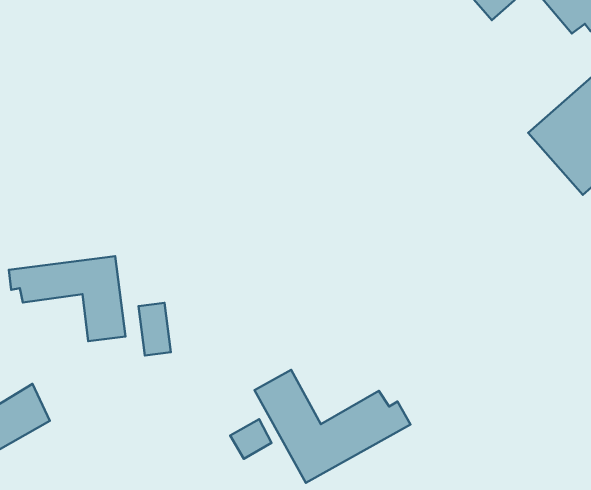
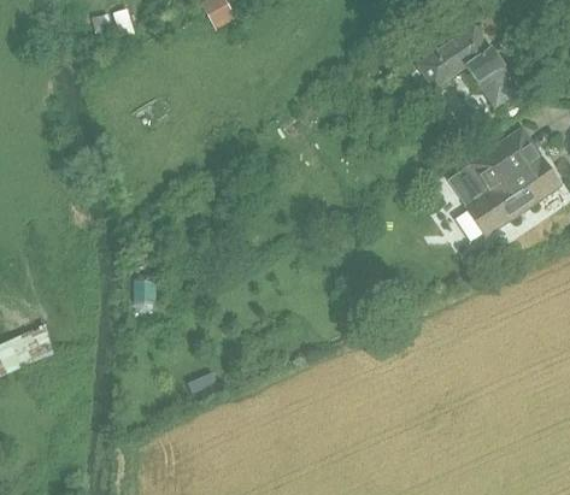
building: [9,256,125,341] -> none
building: [254,370,410,483] -> none

